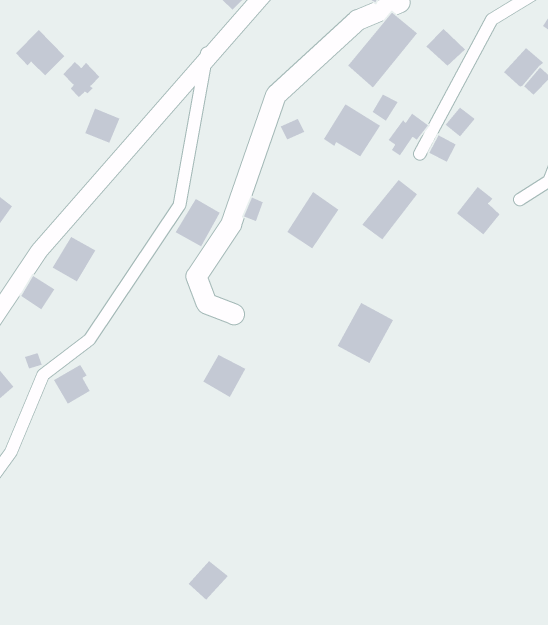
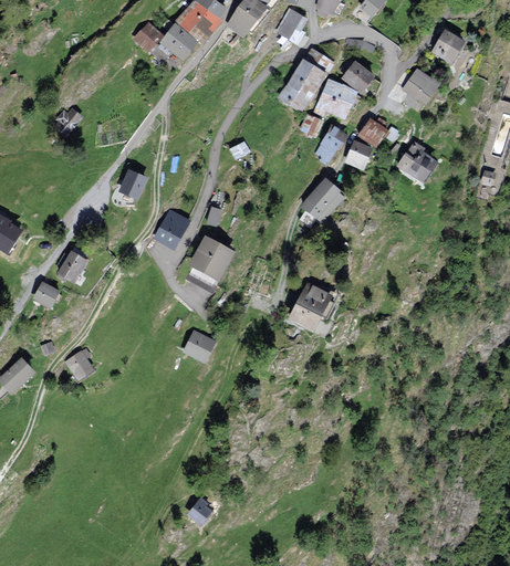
building: [15,29,65,76] -> none
building: [323,103,381,158] -> [312,80,357,122]
building: [84,108,120,144] -> [119,168,147,196]
building: [456,186,501,235] -> [398,143,434,181]
building: [286,191,339,250] -> [189,239,230,285]

